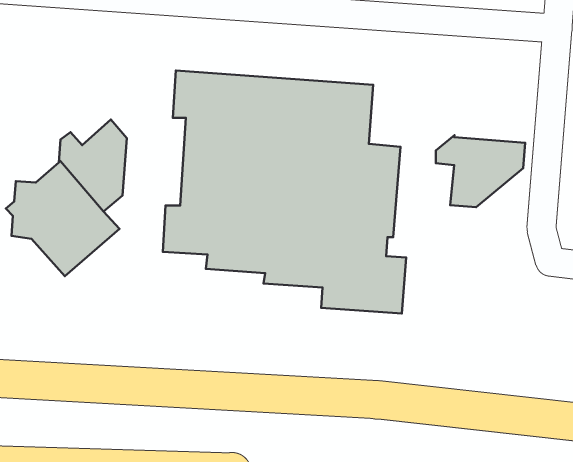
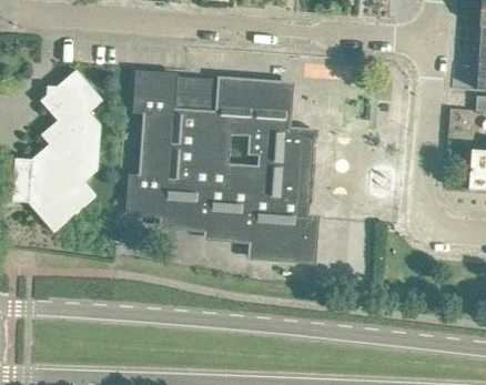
building: none -> [40,69,102,130]
building: [436,135,525,207] -> none

